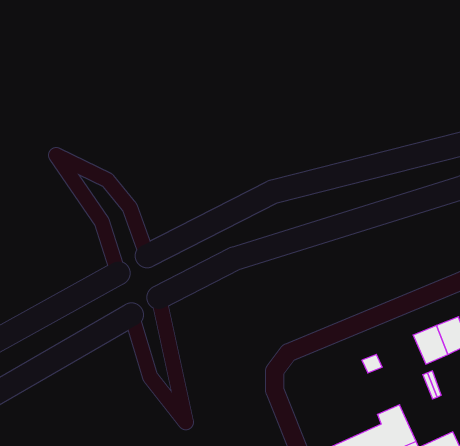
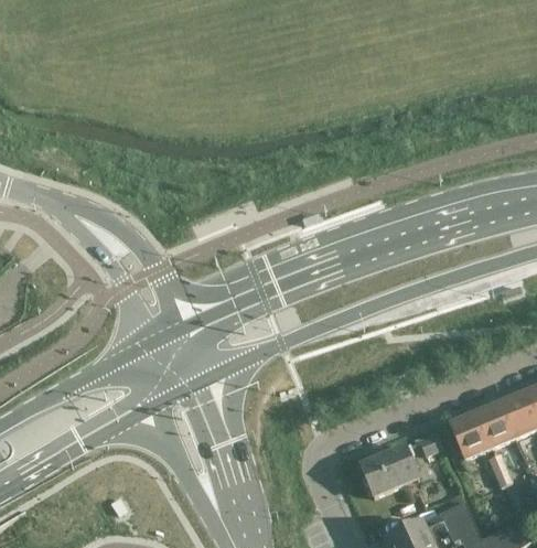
building: none -> [450,413,490,456]
building: none -> [359,448,416,496]

